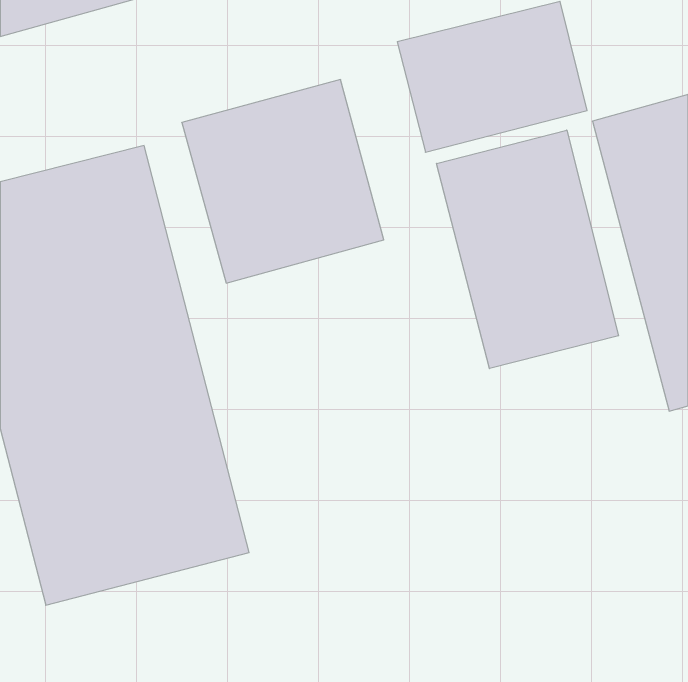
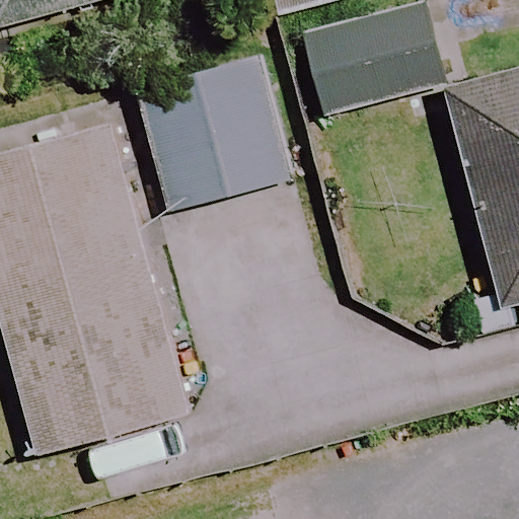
building: [437,130,619,369] -> none

